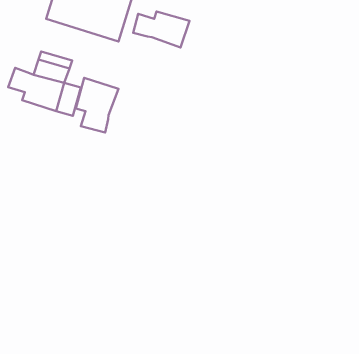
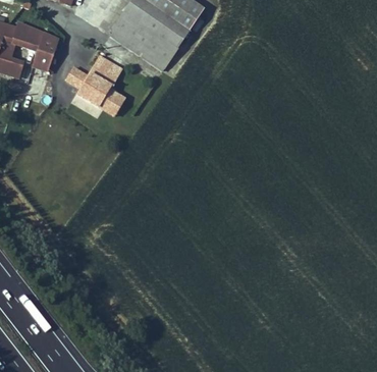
building: [133,11,189,48] -> none
building: [76,78,118,133] -> none

